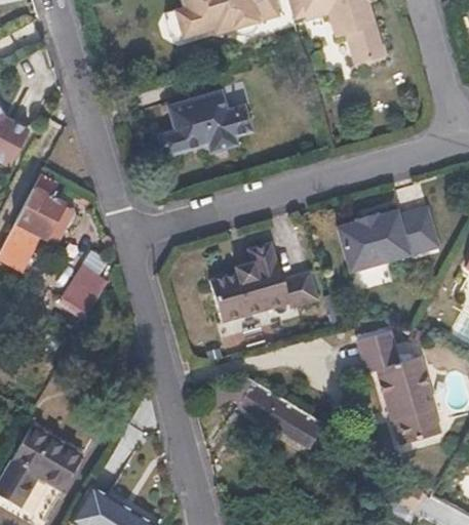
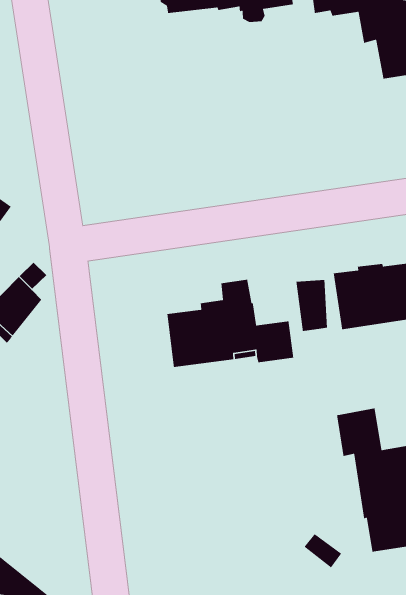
building: [159,92,251,156] -> none
building: none -> [295,279,328,332]
building: [238,387,322,448] -> none

